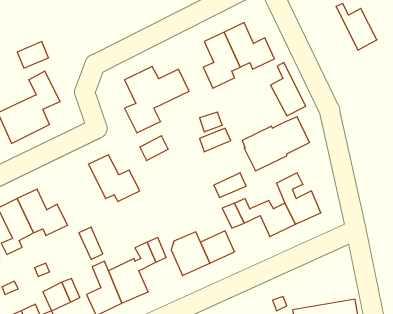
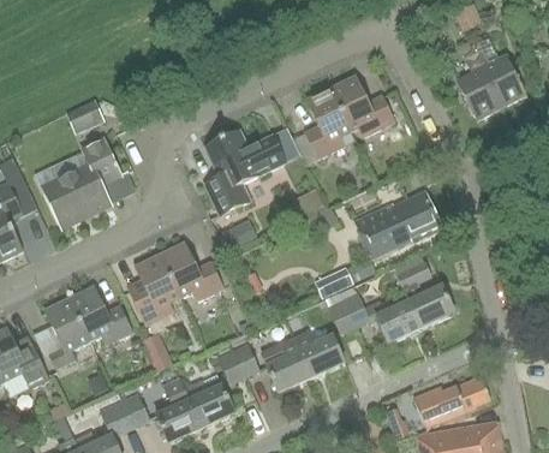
building: [271,62,306,116] -> [455,53,500,120]
building: none -> [129,252,180,323]
building: none -> [413,380,489,429]

